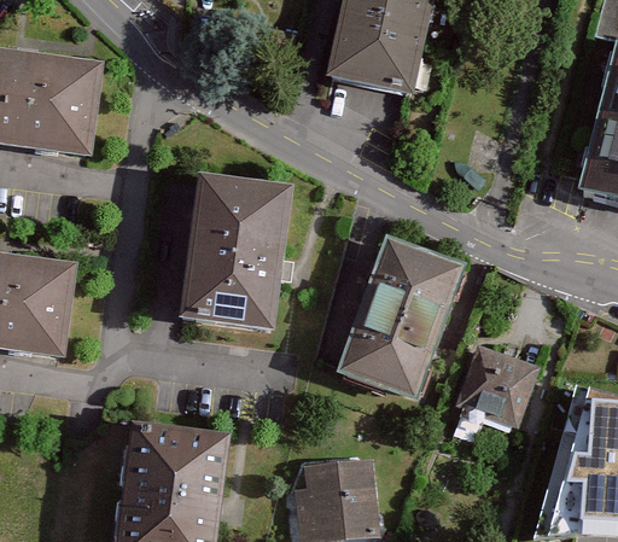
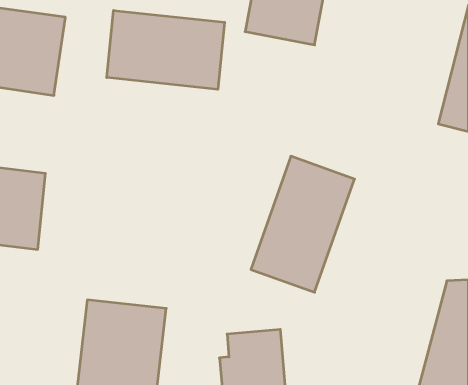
building: none -> [107,10,225,89]
building: [183,173,293,330] -> none
building: [451,346,535,430] -> none

